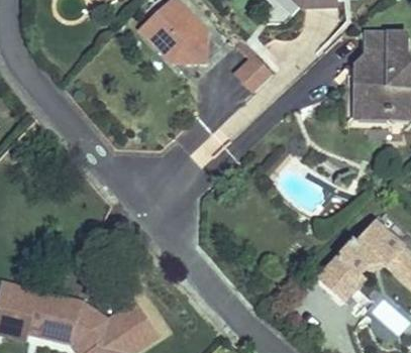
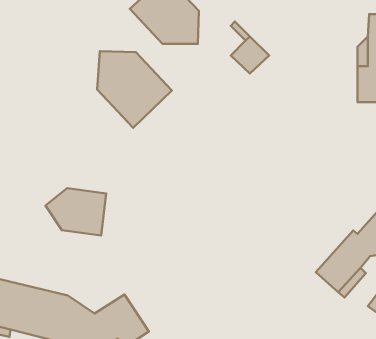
building: none -> [97,51,172,128]
building: none -> [45,188,106,235]

